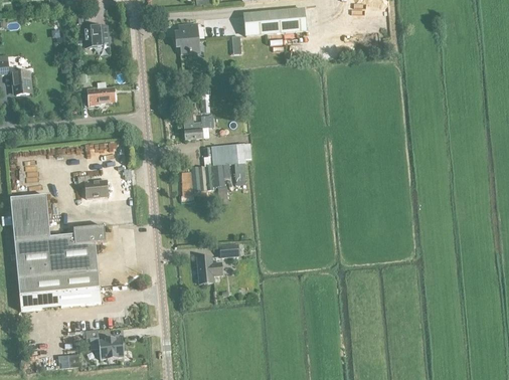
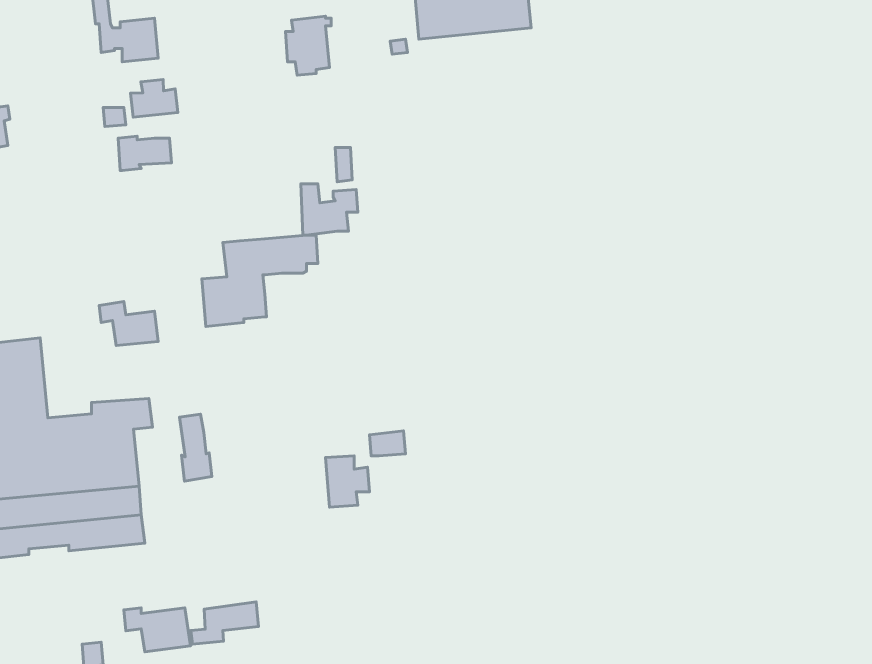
building: none -> [131,80,178,117]
building: [192,143,253,191] -> [202,235,318,326]
building: none -> [180,414,212,481]
building: none -> [191,602,259,644]

